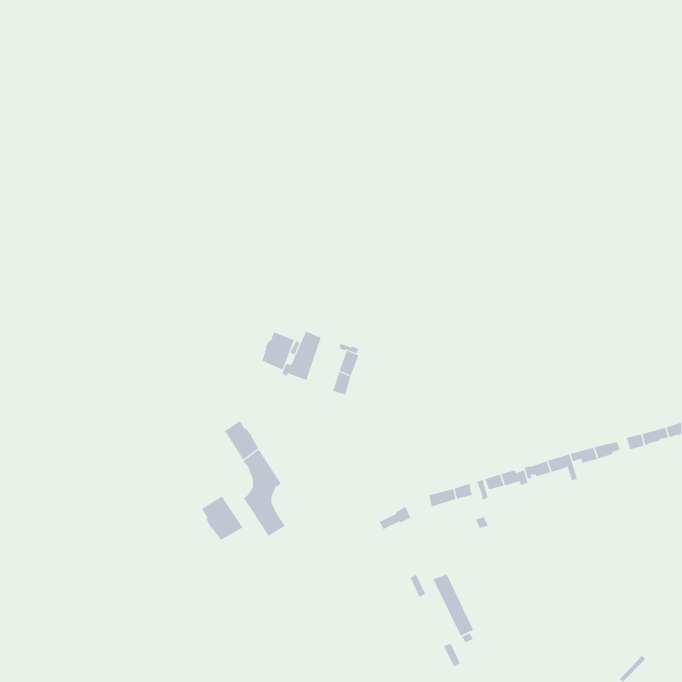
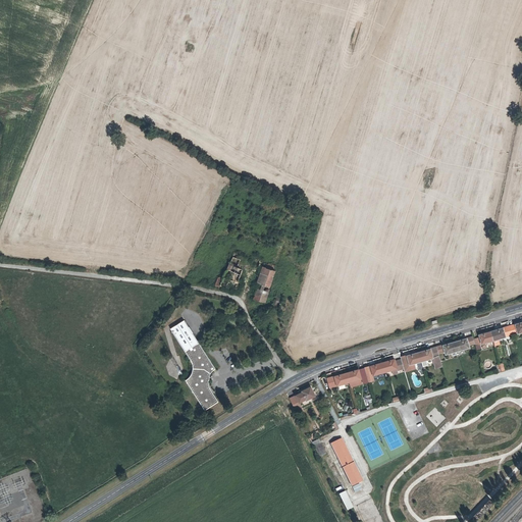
building: [262,332,294,370] -> none
building: [201,495,243,540] -> none

